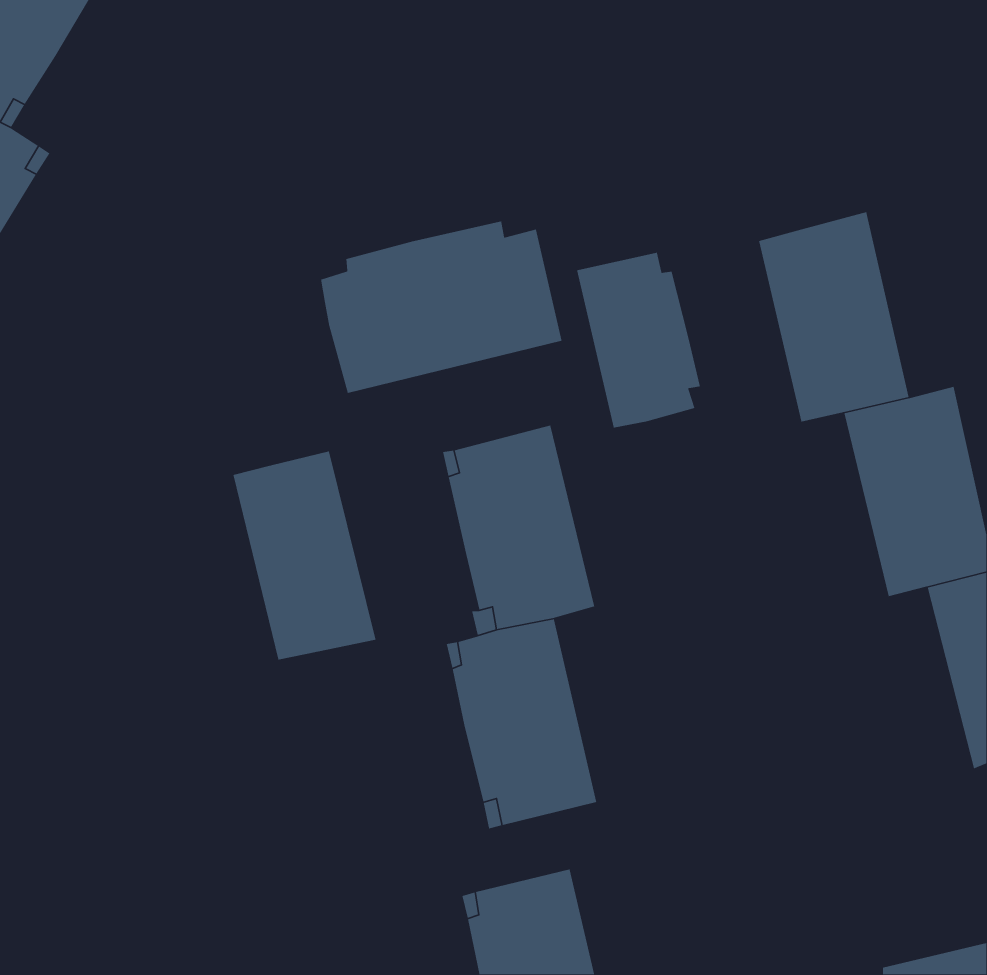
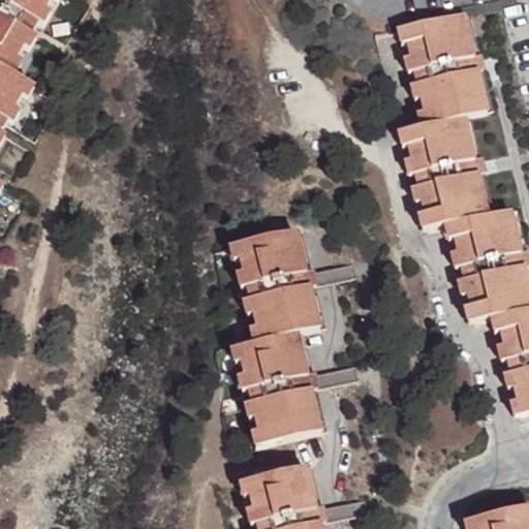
building: none -> [403,9,485,122]
building: [320,220,562,394] -> none
building: [576,252,701,428] -> none
building: [232,451,377,660] -> none

